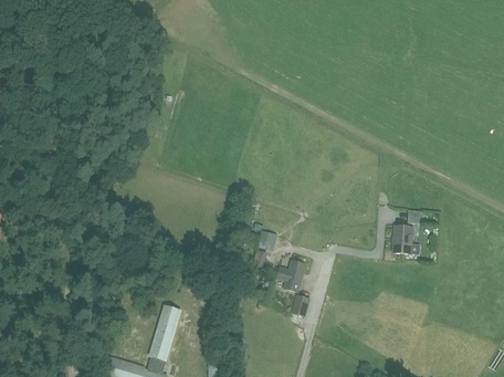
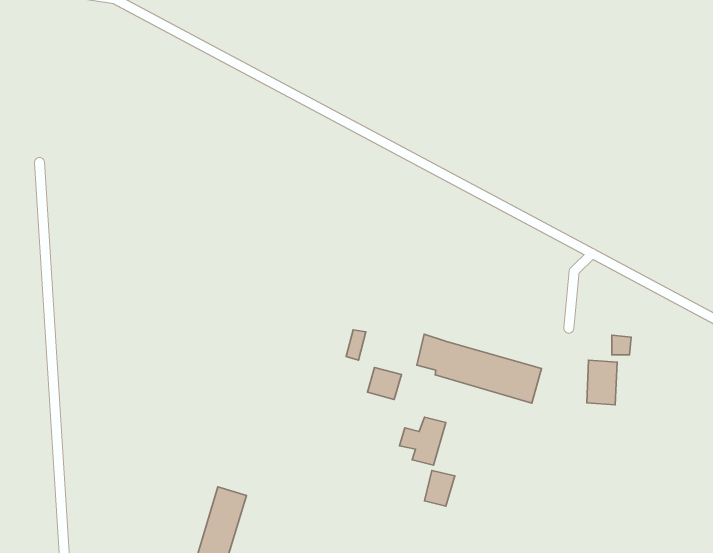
building: none -> [417,334,541,403]

